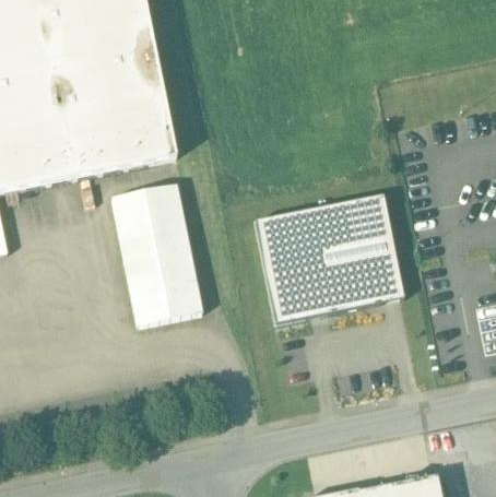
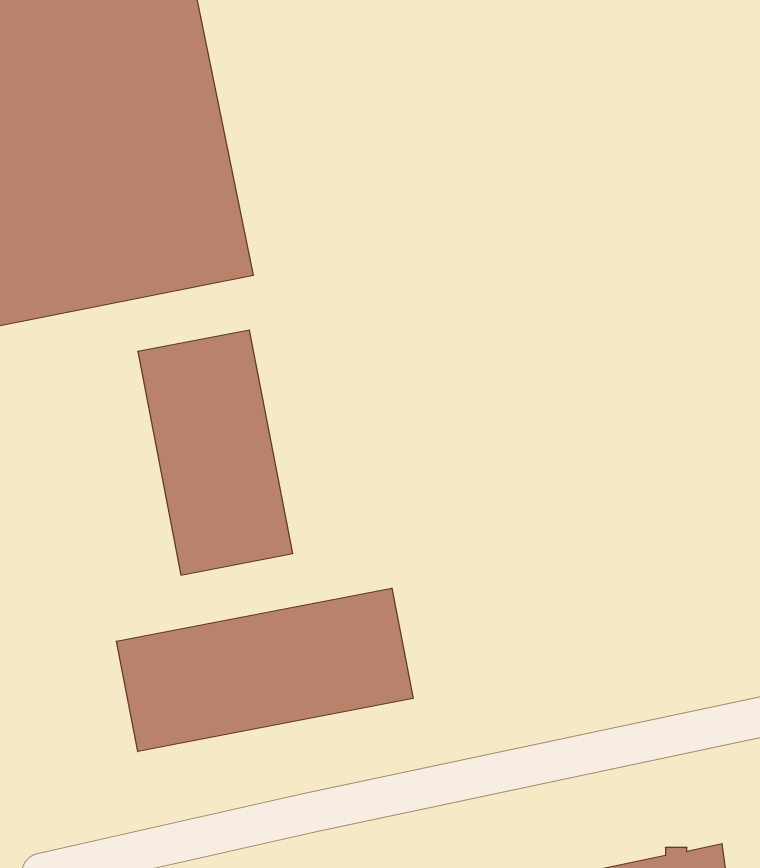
building: [245,196,402,327] -> none
building: none -> [117,588,413,752]

